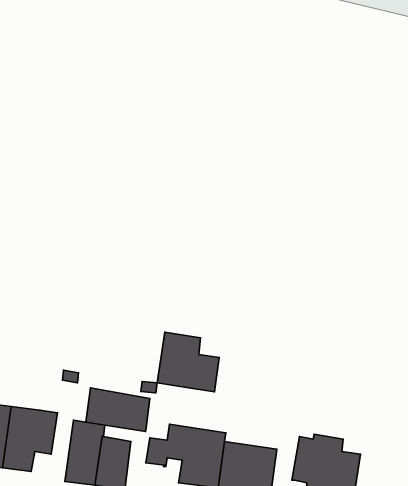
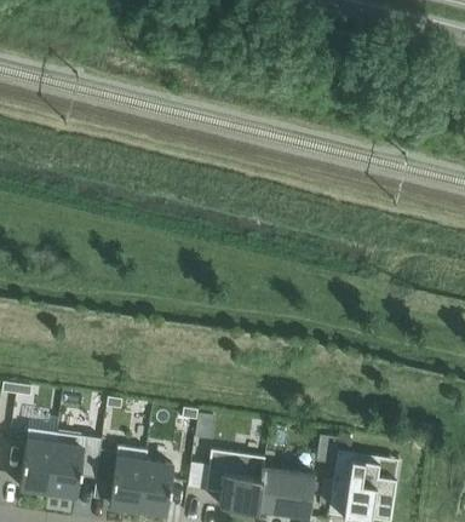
building: [157,332,219,392] -> none
building: [86,388,150,431] -> none

